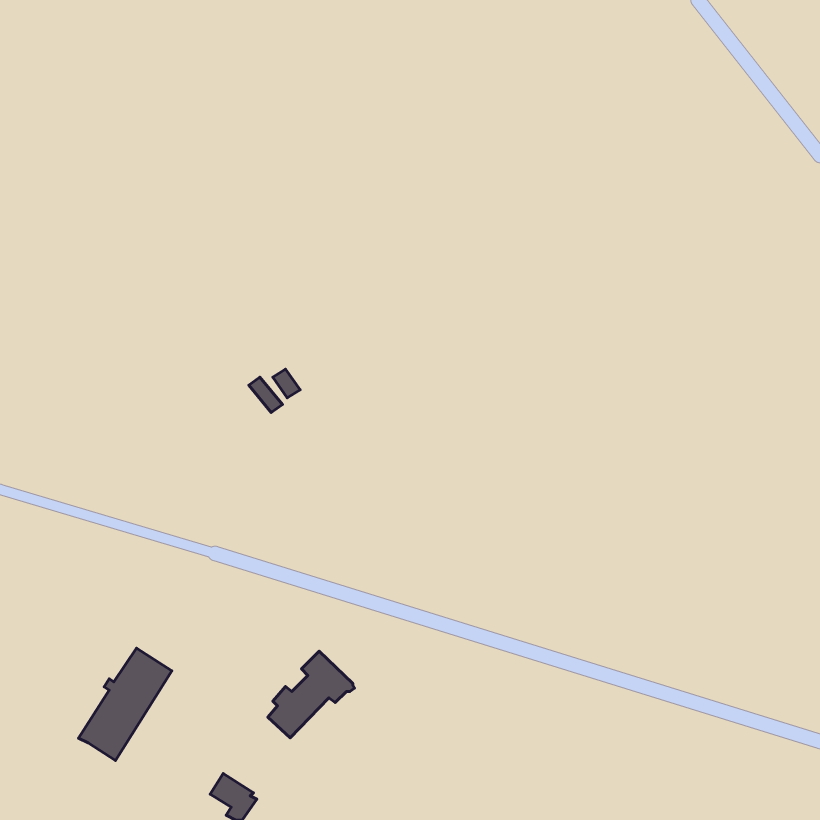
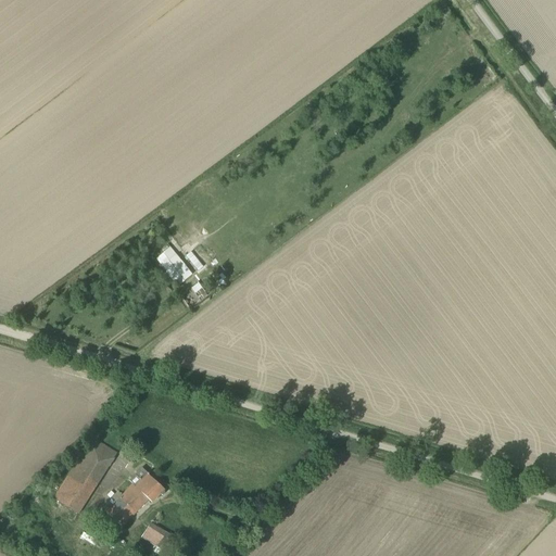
building: [268,651,355,738] -> [106,468,165,527]

